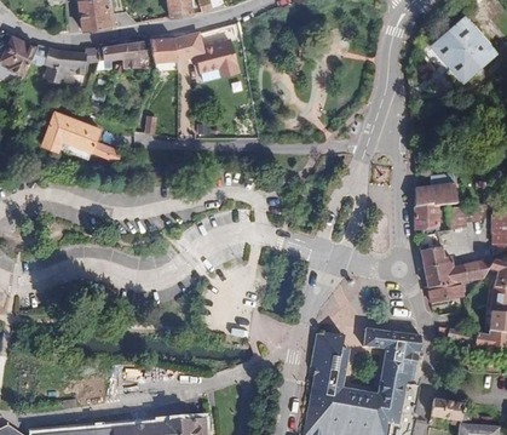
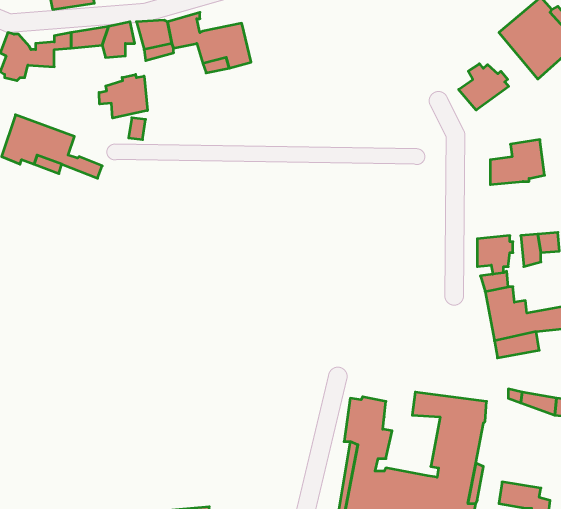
building: none -> [459,64,509,110]
building: none -> [99,74,147,118]
building: [414,173,456,208] -> [490,140,545,185]

